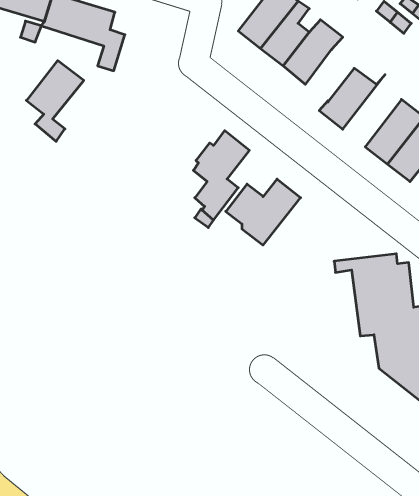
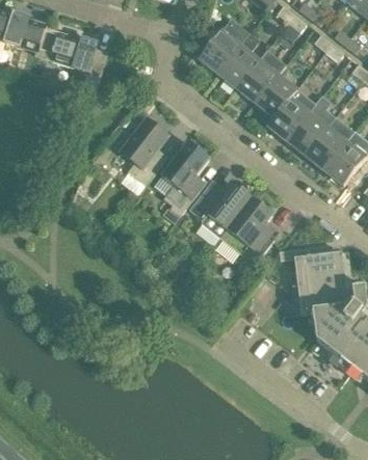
building: none -> [257,75,297,118]
building: [26,61,84,141] -> [122,118,169,186]
building: none -> [288,96,337,156]
building: none -> [221,198,275,262]

